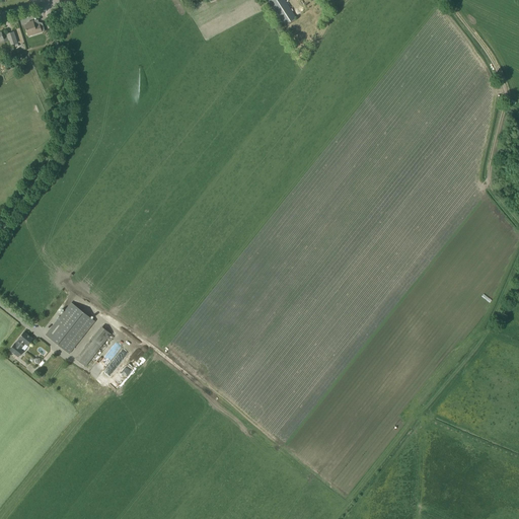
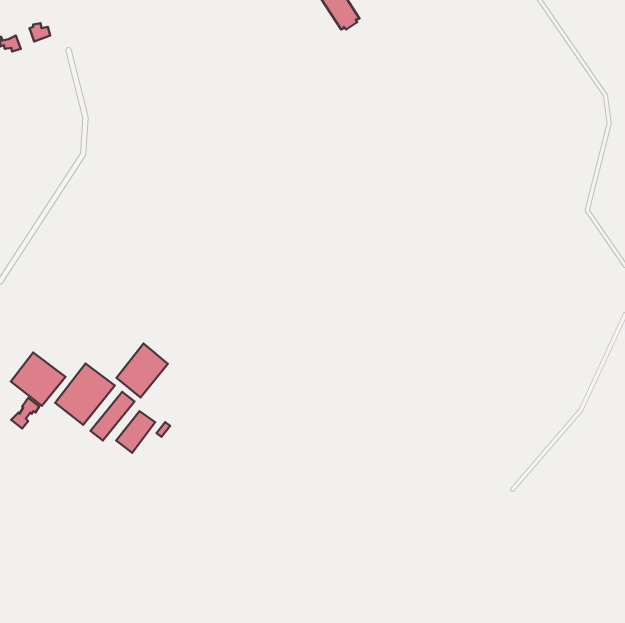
building: none -> [116,343,168,398]
building: none -> [11,353,66,406]

